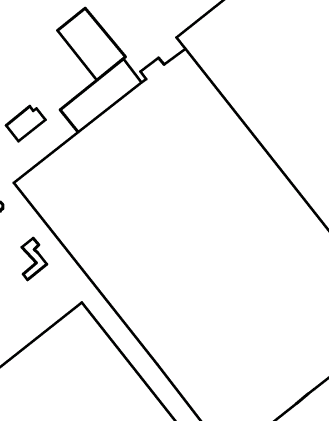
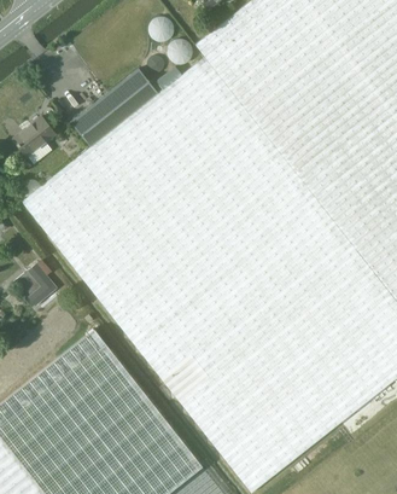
building: [57,8,125,80] -> none

